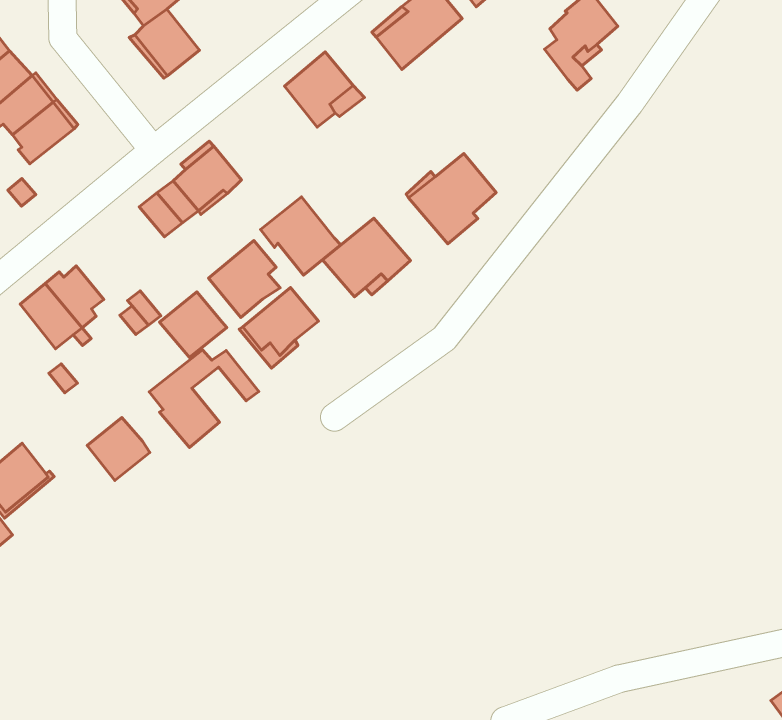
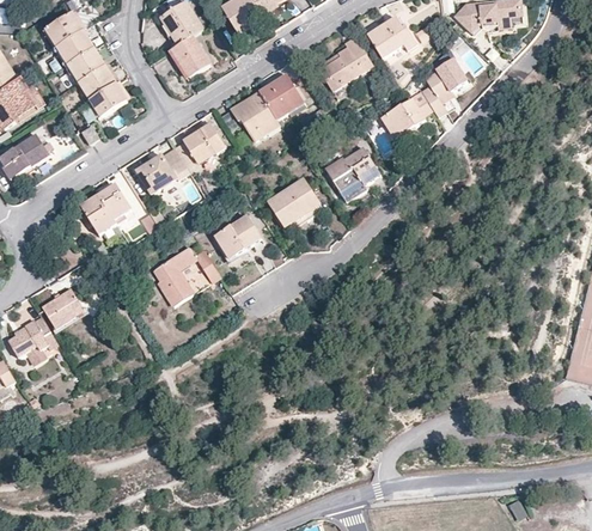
building: none -> [380,89,432,142]
building: [261,197,341,275] -> [231,91,279,139]
building: [208,241,280,317] -> none
building: [160,292,227,358] -> [135,153,176,193]
building: [87,418,150,480] -> none

